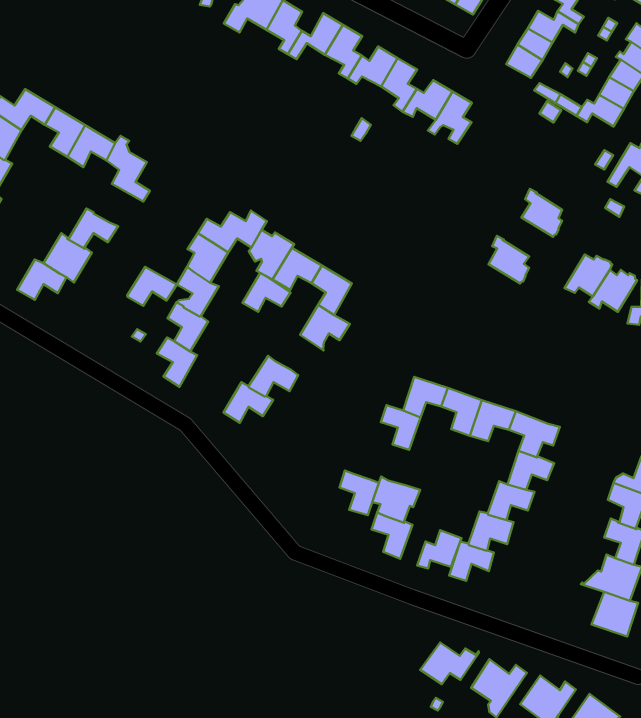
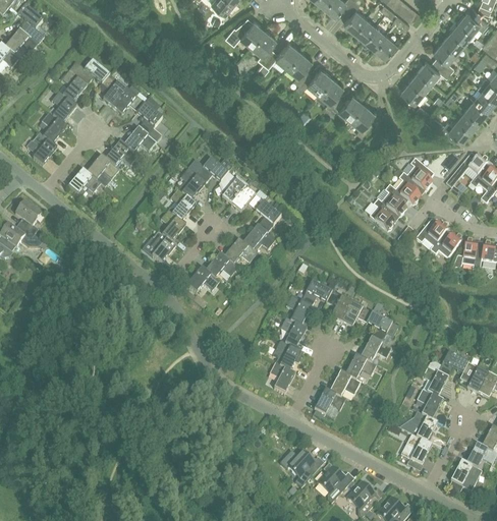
building: none -> [405,157,433,189]
building: none -> [380,183,407,216]
building: [127,267,177,306] -> [123,127,156,152]
building: [242,273,291,312] -> [224,238,256,263]
building: [339,470,379,515] -> [280,316,306,347]
building: [417,530,461,568] -> none

